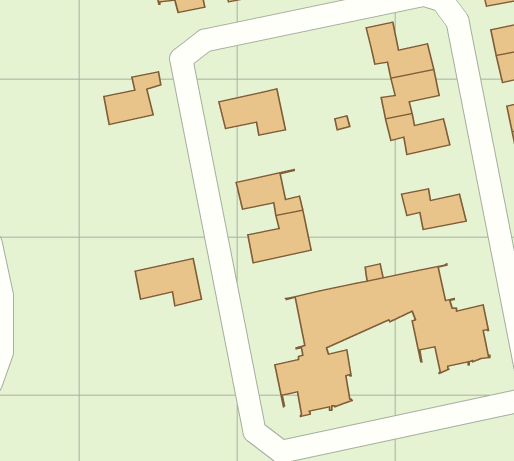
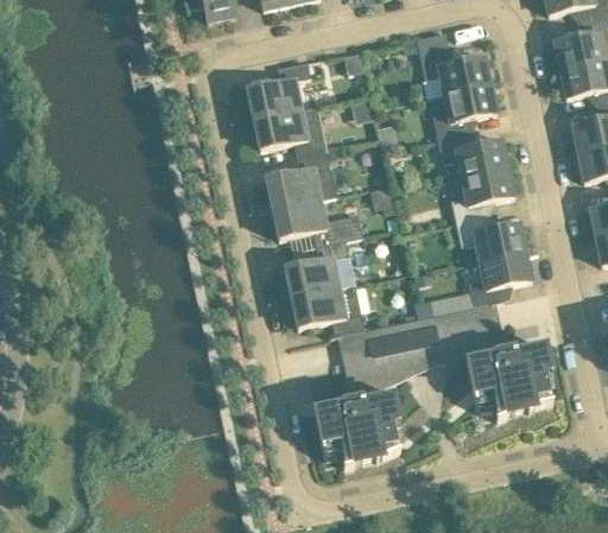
building: [104,72,161,125] -> [247,61,310,119]
building: none -> [266,150,336,208]
building: none -> [450,166,514,221]
building: none -> [468,250,532,305]
building: [135,258,202,306] -> [291,283,365,335]

